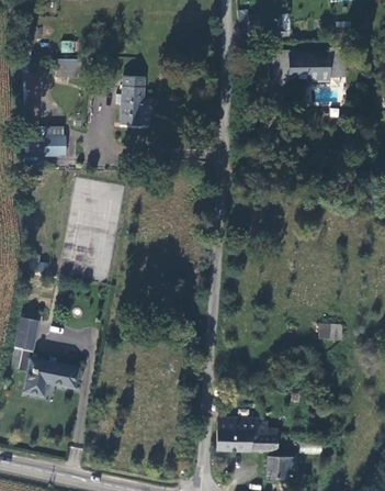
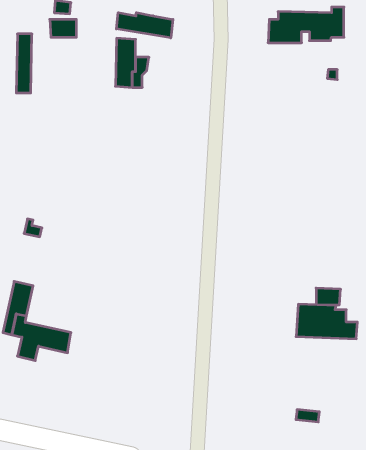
building: none -> [116,13,173,38]
building: [44,124,61,157] -> none
building: [217,417,278,451] -> [296,304,357,339]
building: [268,457,296,478] -> none

